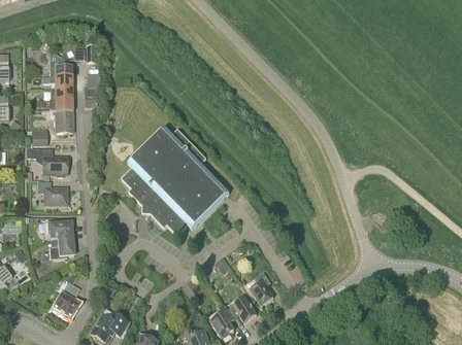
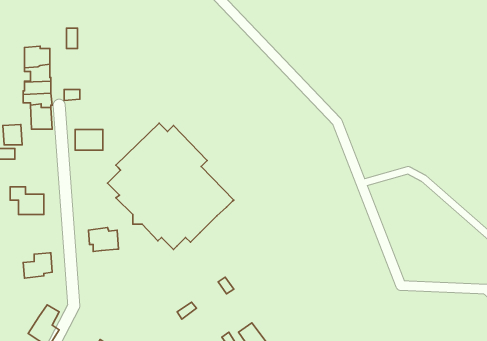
building: [43,156,67,173] -> [75,130,103,150]
building: [46,218,72,239] -> [88,228,118,252]
building: [246,272,273,304] -> none

